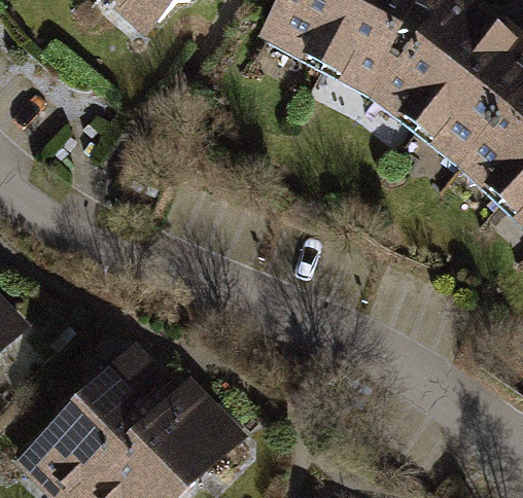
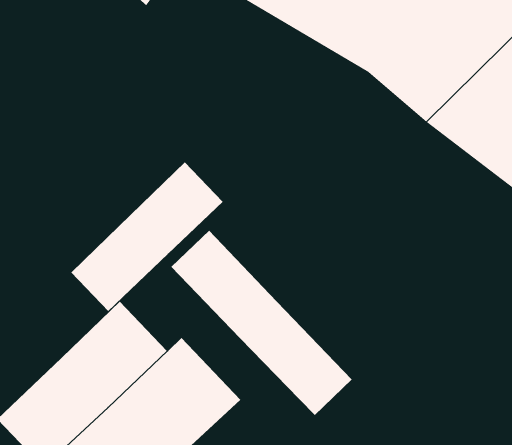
building: none -> [71,162,223,312]
building: none -> [170,230,353,416]

